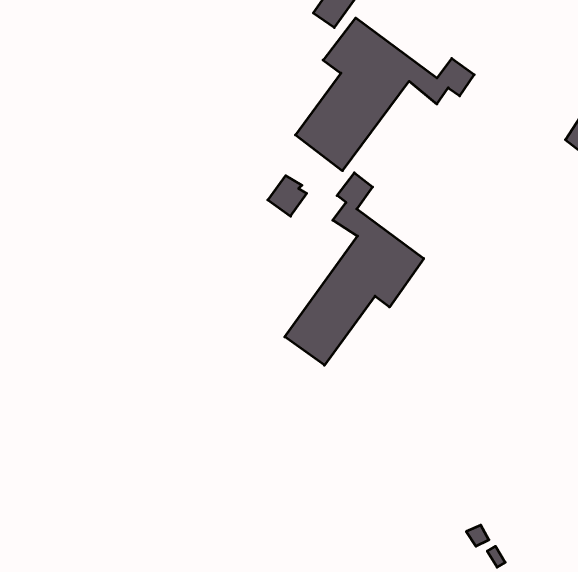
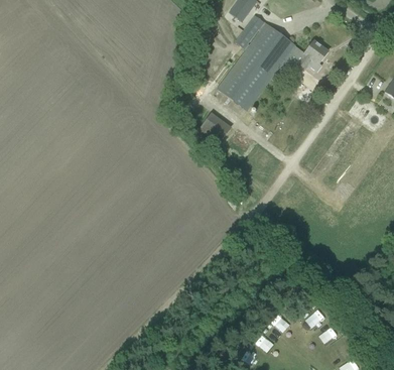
building: [285,173,424,365] -> none

